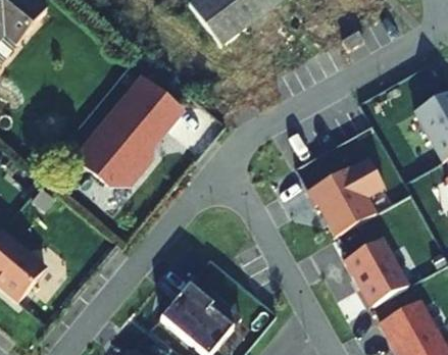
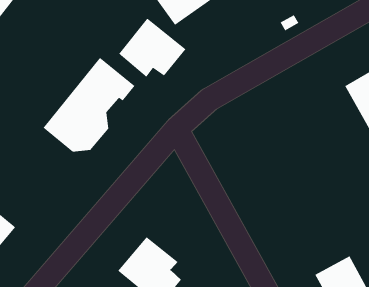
building: none -> [118,17,186,78]
building: [306,154,384,235] -> none
building: [344,238,408,304] -> none

